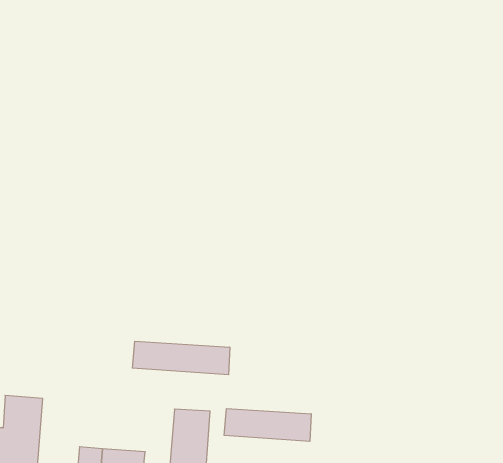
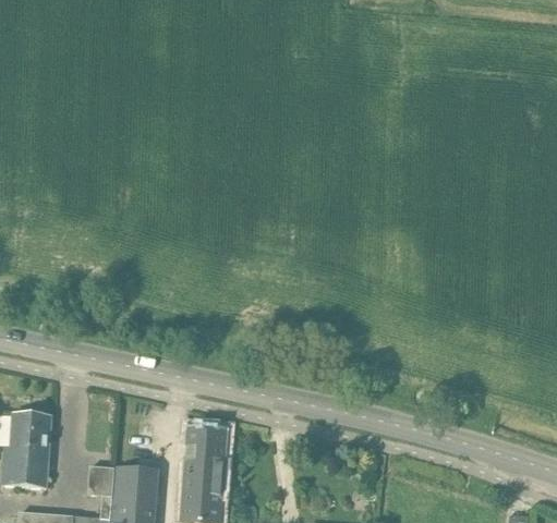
building: [132,341,230,375] -> none
building: [224,409,311,441] -> none

